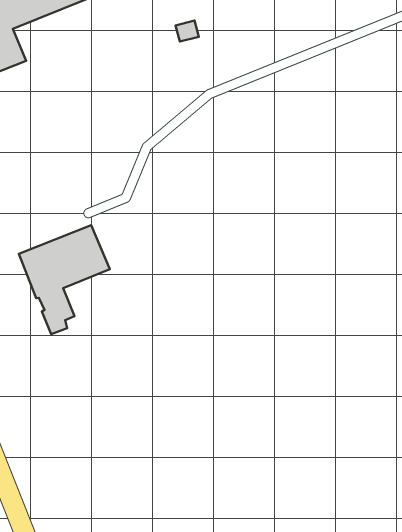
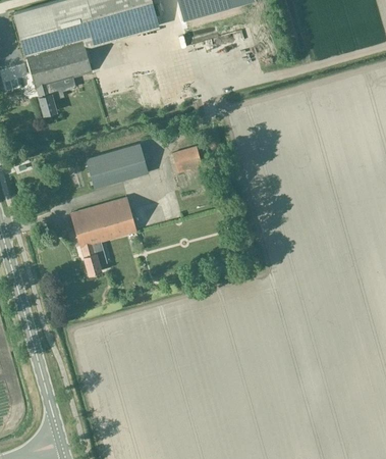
building: none -> [172,146,202,172]
building: none -> [86,143,151,190]

